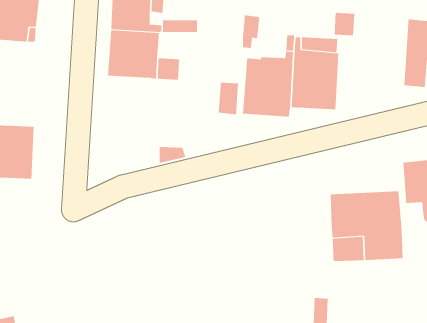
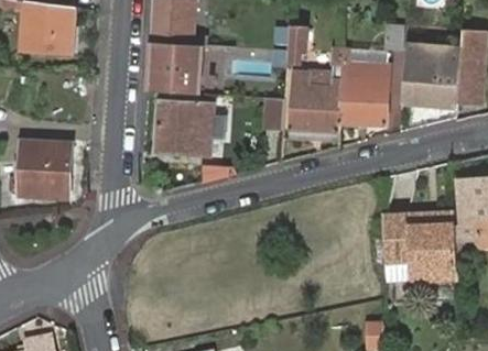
building: none -> [404,43,460,107]
building: none -> [154,100,214,155]

